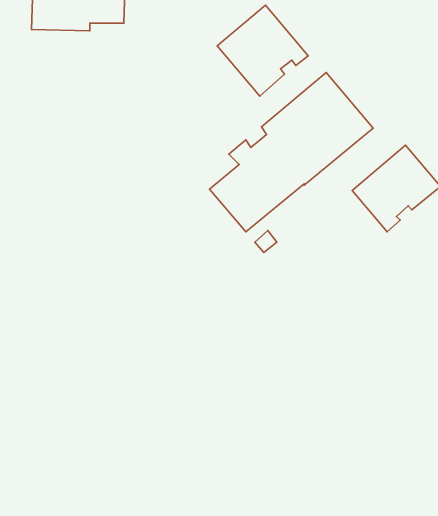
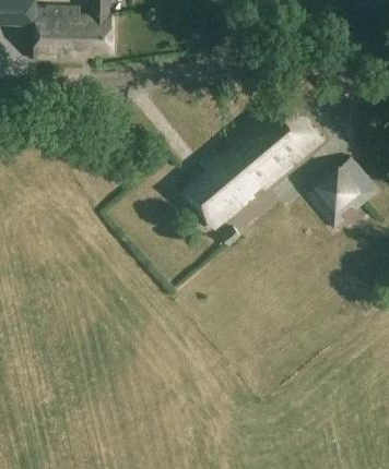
building: [217,5,308,96] -> none

